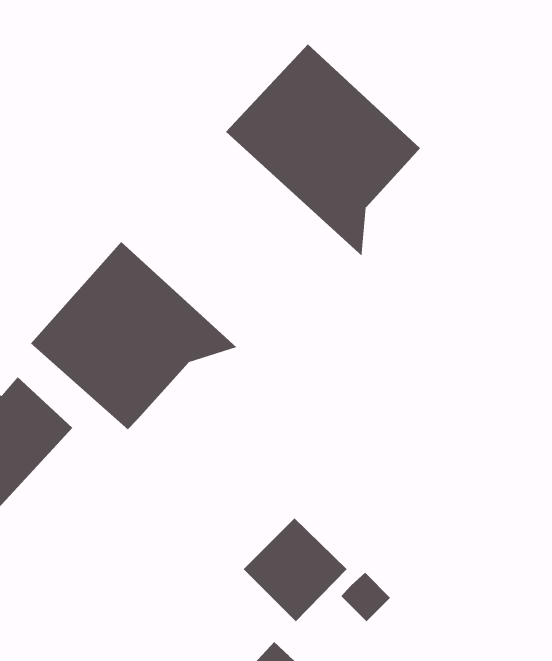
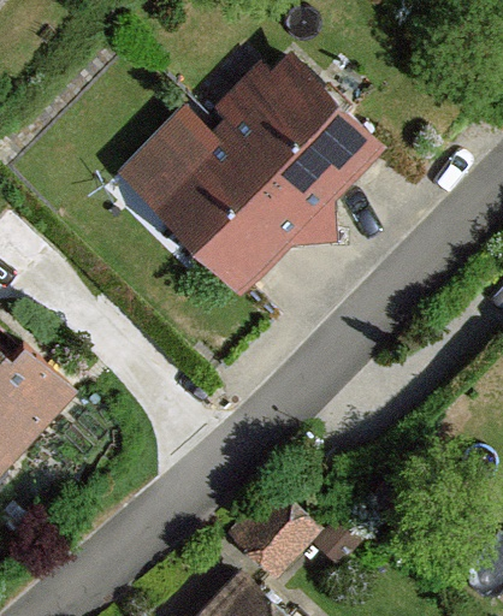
building: none -> [144,131,331,292]
building: [30,241,238,430] -> none

